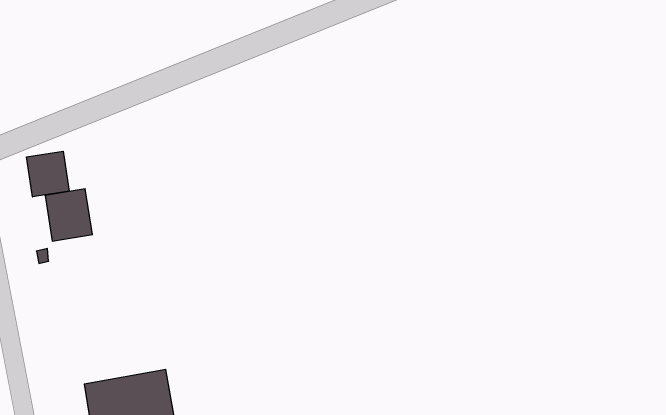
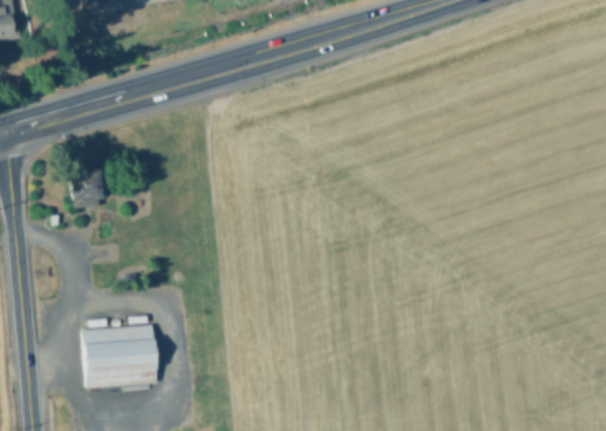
building: [27,151,69,197] -> none

